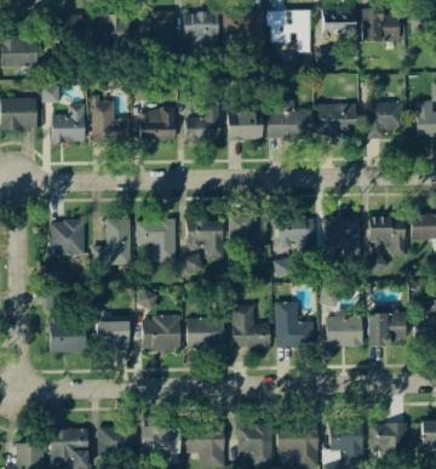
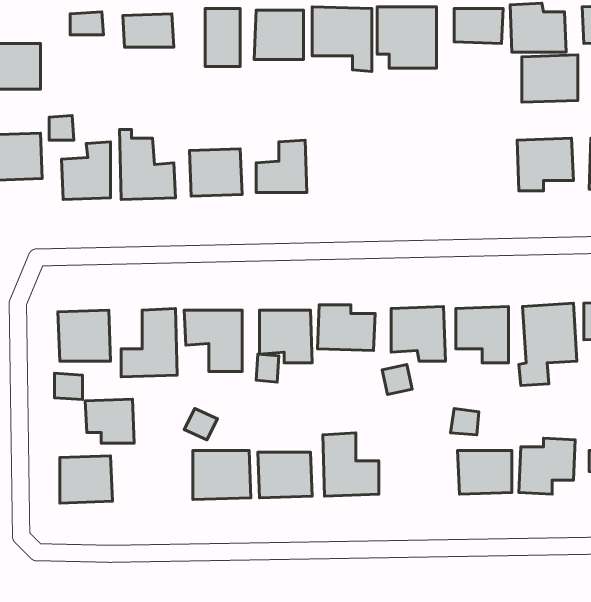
building: [268,99,311,137] -> none
building: [317,103,356,136] -> [522,55,578,102]
building: [226,111,260,141] -> none
building: [274,301,312,347] -> none
building: [94,320,128,350] -> [85,399,134,443]

